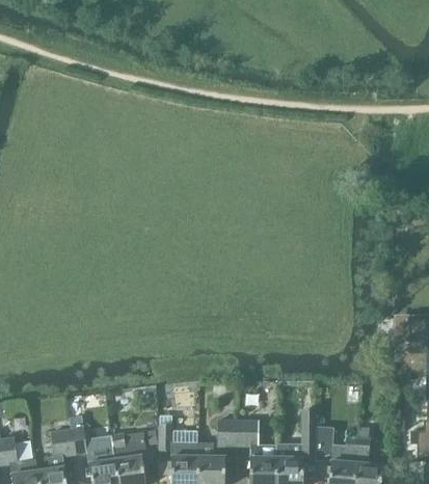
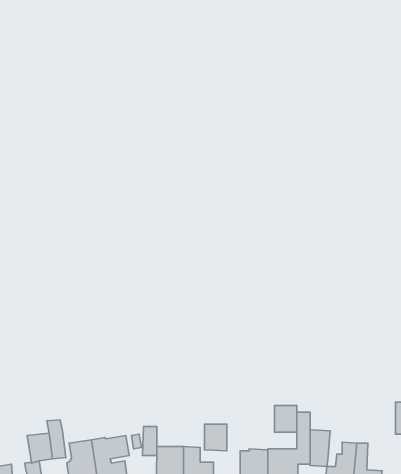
building: [237,421,258,446] -> [275,405,297,432]

